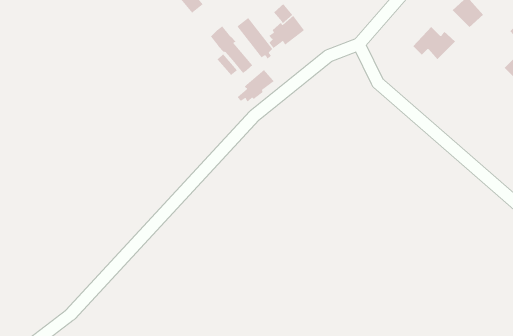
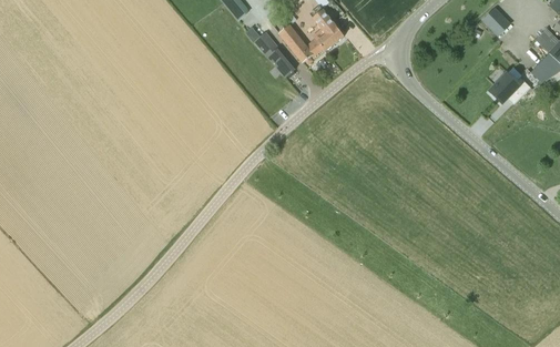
building: [412,26,456,60] -> [489,72,530,104]
building: [237,69,274,102] -> none

